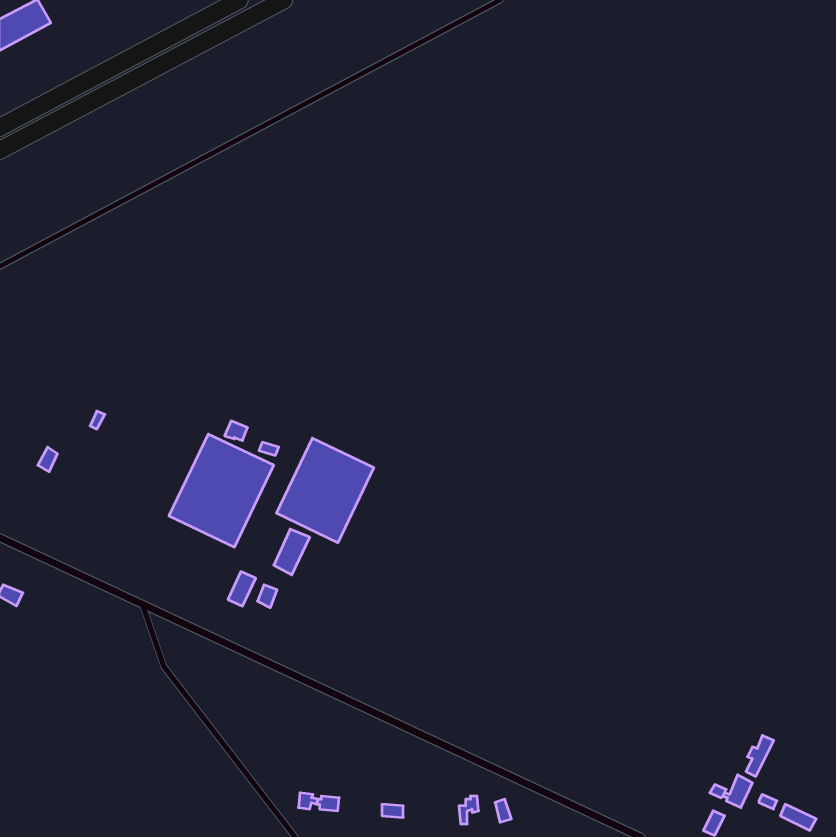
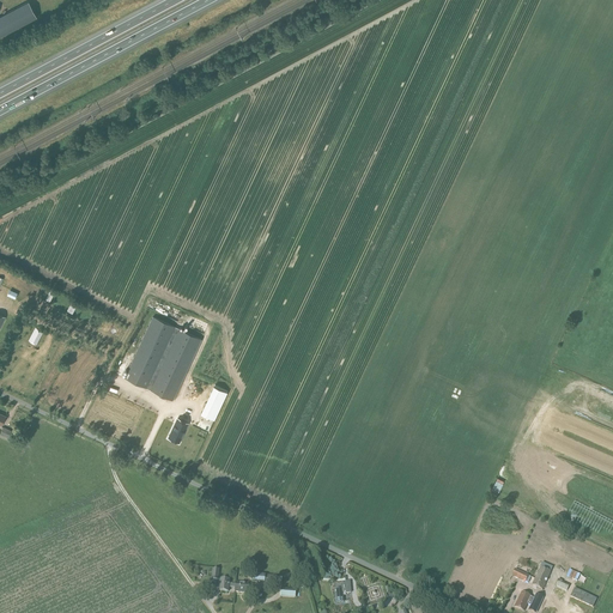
building: [276,438,374,543] -> none

